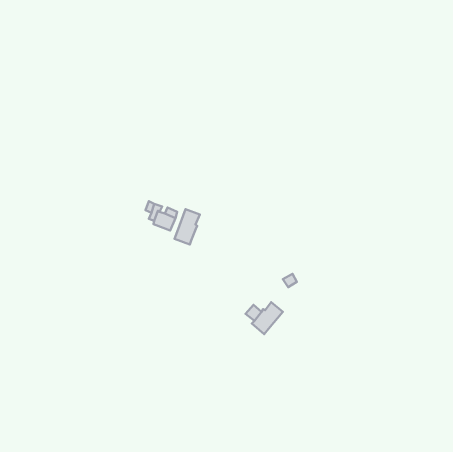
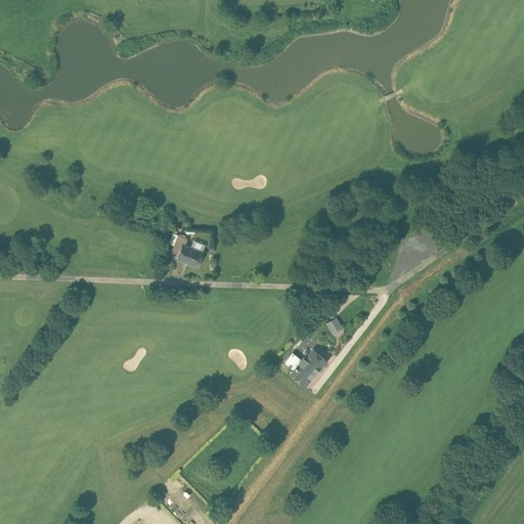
building: [175,209,200,244] -> none

